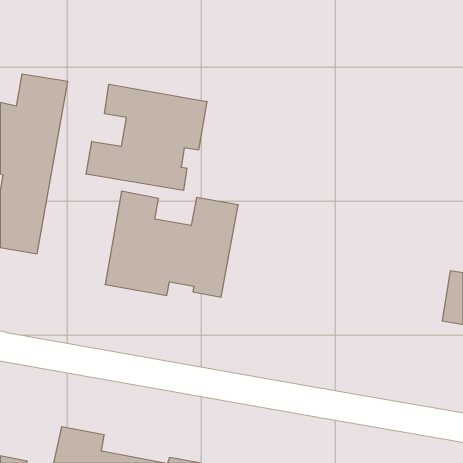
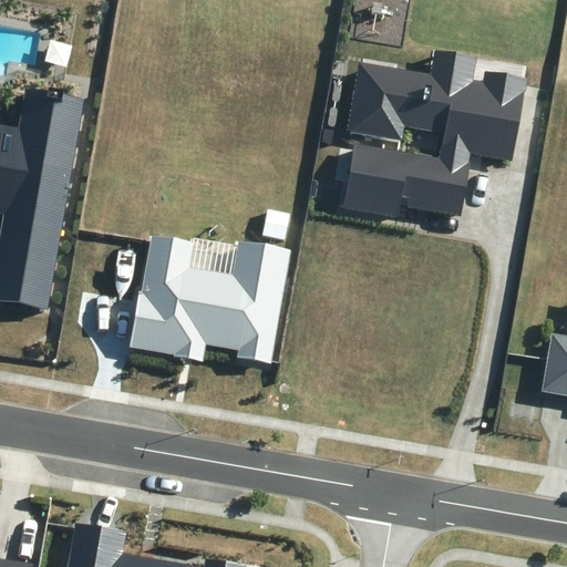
building: none -> [342,51,527,217]
building: [86,84,207,190] -> none

